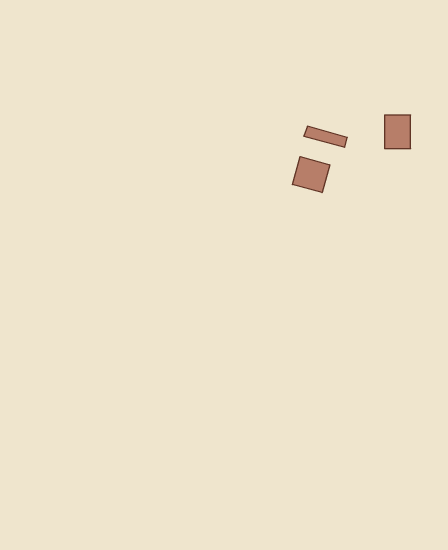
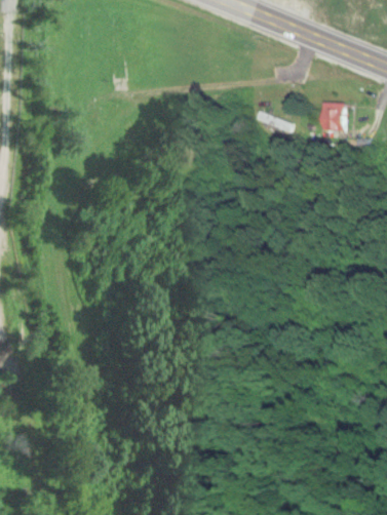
building: [292,157,330,193] -> none

